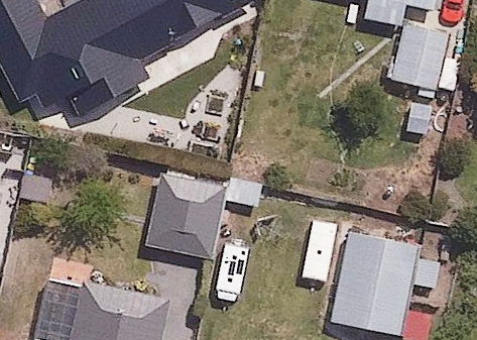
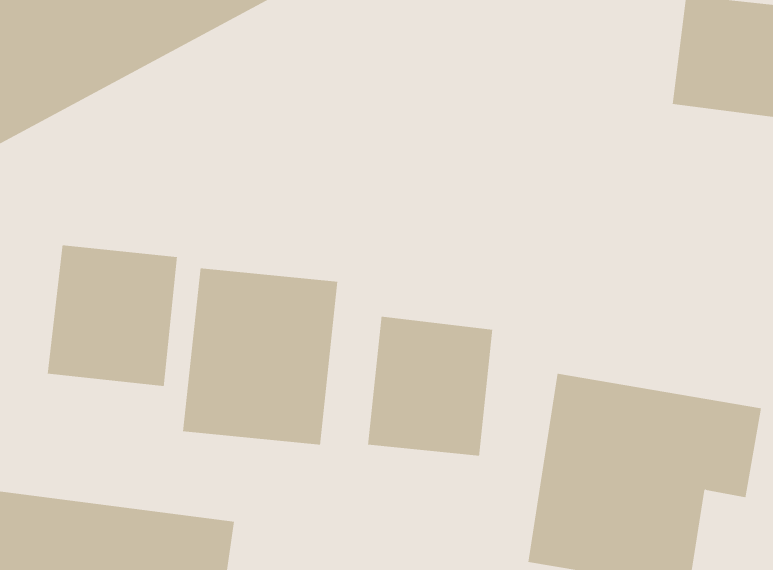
building: none -> [47,245,177,387]
building: none -> [367,316,493,456]

